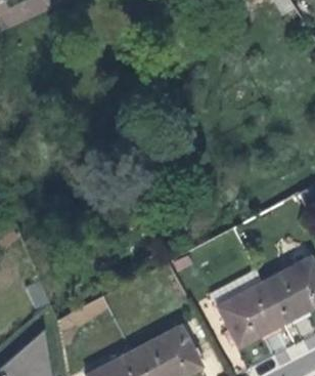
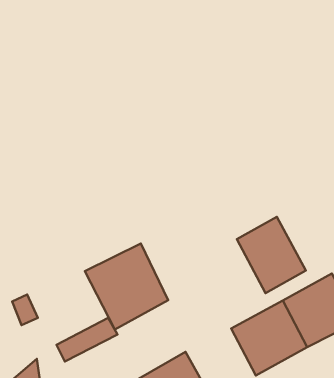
building: none -> [237,217,306,293]
building: none -> [85,244,168,329]

